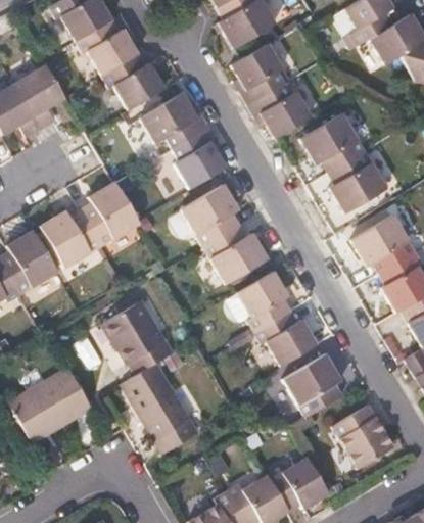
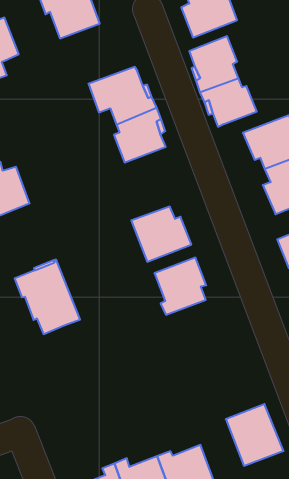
building: [103,56,167,113] -> none
building: [82,182,138,245] -> none
building: [173,183,240,245] -> none
building: [254,311,318,366] -> none
building: [284,354,342,419] -> none
building: [120,360,197,453] -> none

